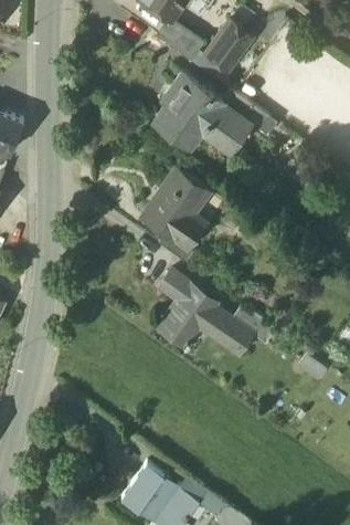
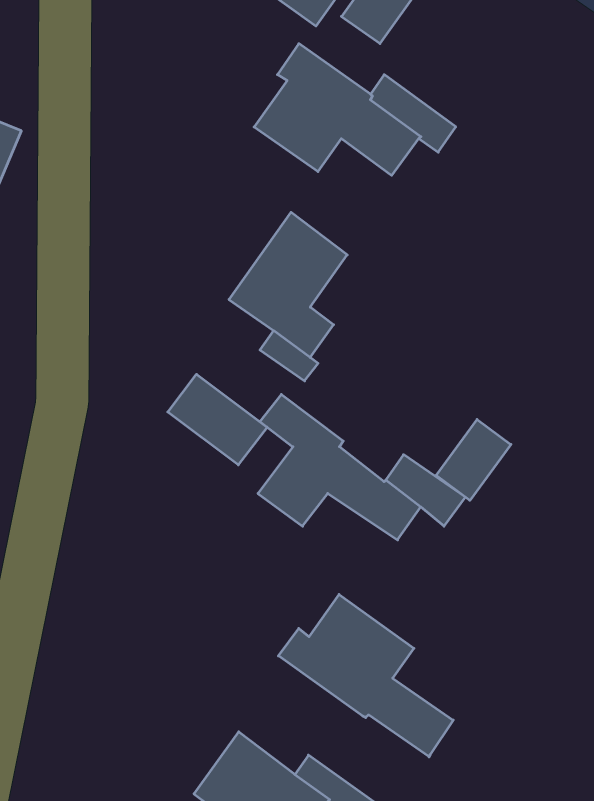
building: none -> [168,374,267,465]
building: none -> [436,419,511,500]
building: none -> [278,594,453,757]

